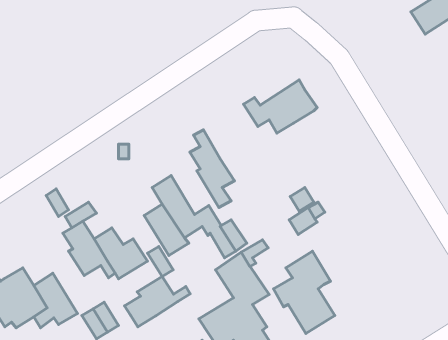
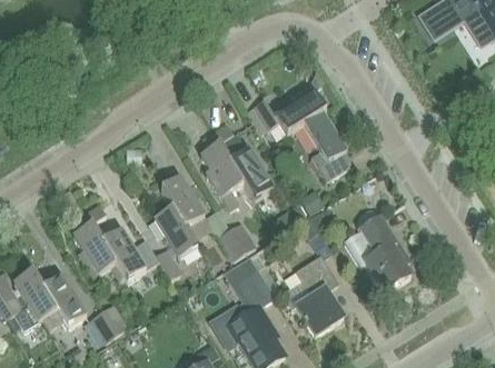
building: none -> [303,115,349,181]
building: none -> [212,125,274,202]
building: none -> [346,211,412,294]
building: [124,277,190,327] -> none

